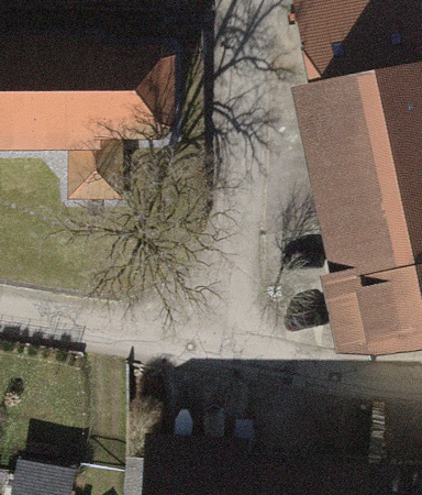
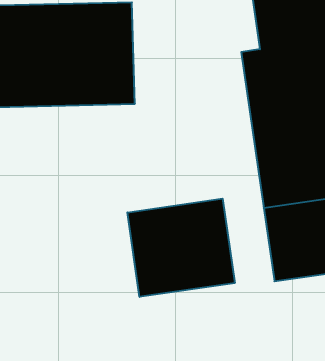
building: none -> [127,199,235,297]

